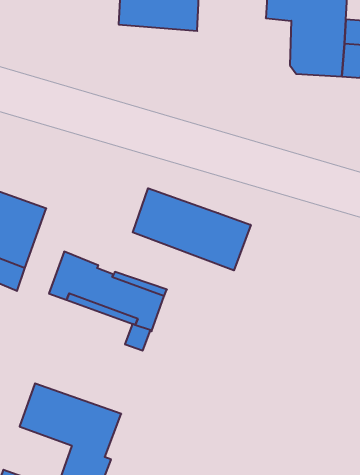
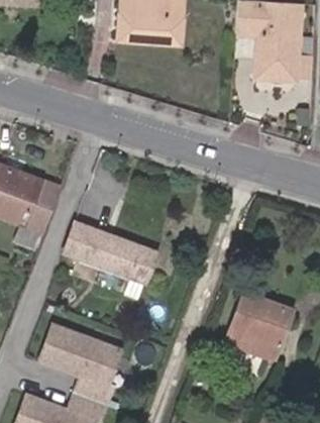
building: [133,188,251,270] -> none
building: none -> [225,293,292,359]

